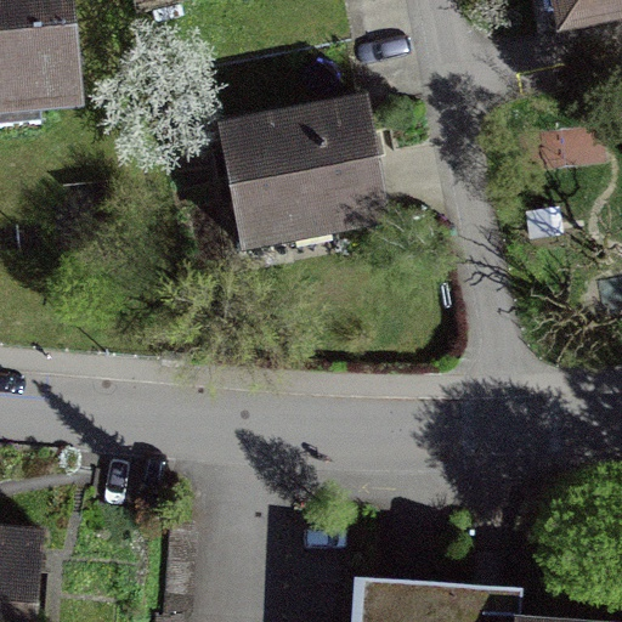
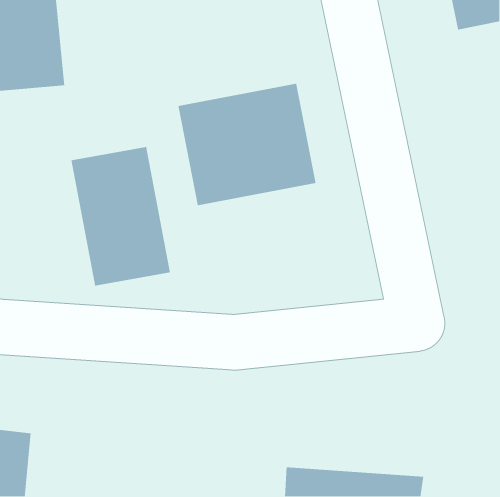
building: none -> [70,146,171,287]

